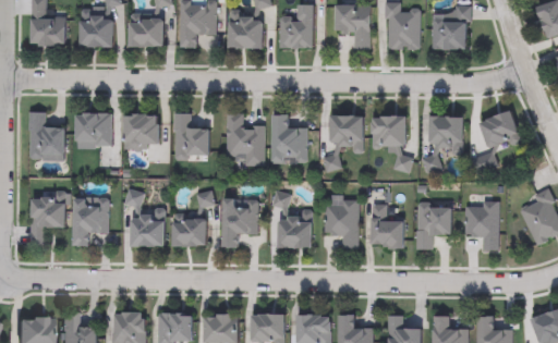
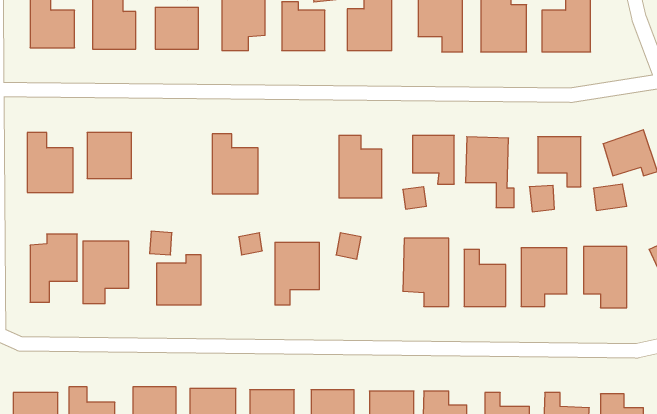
building: [123,113,159,150] -> none
building: [226,113,264,166] -> none
building: [278,208,312,248] -> none
building: [171,215,205,246] -> none

